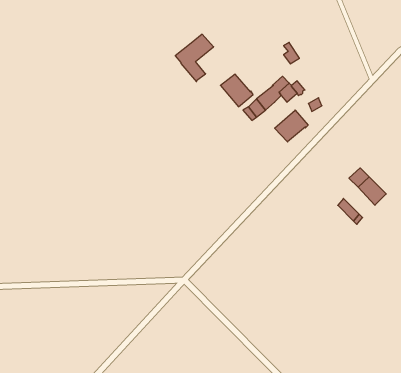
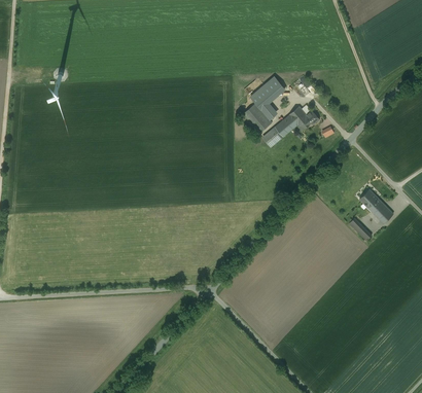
building: [175,34,214,82] -> [250,77,285,120]
building: [275,110,308,142] -> none

